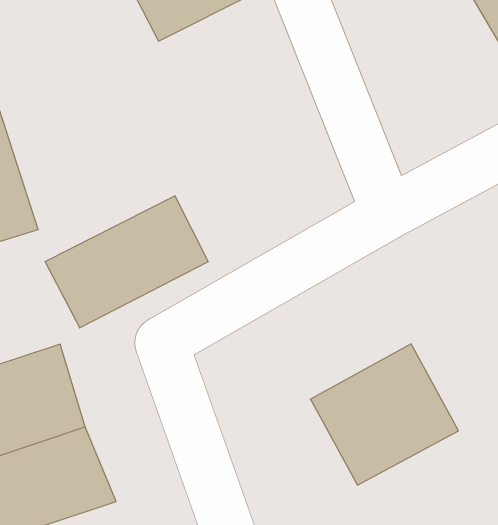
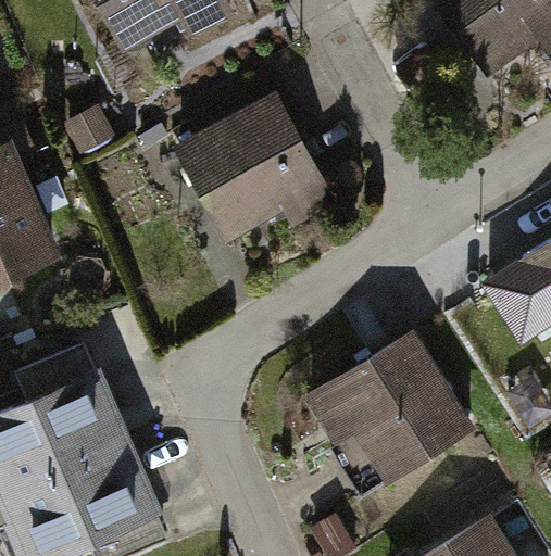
building: none -> [206,93,360,252]
building: [45,196,208,328] -> none

